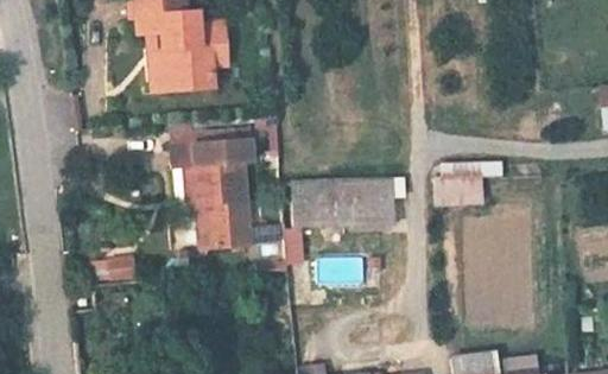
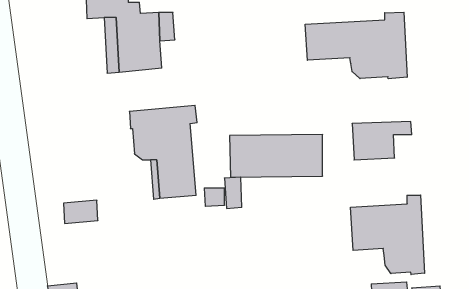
building: none -> [305,12,407,79]
building: none -> [351,195,425,275]

